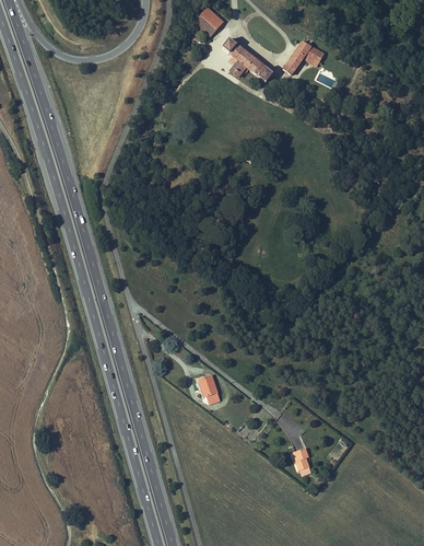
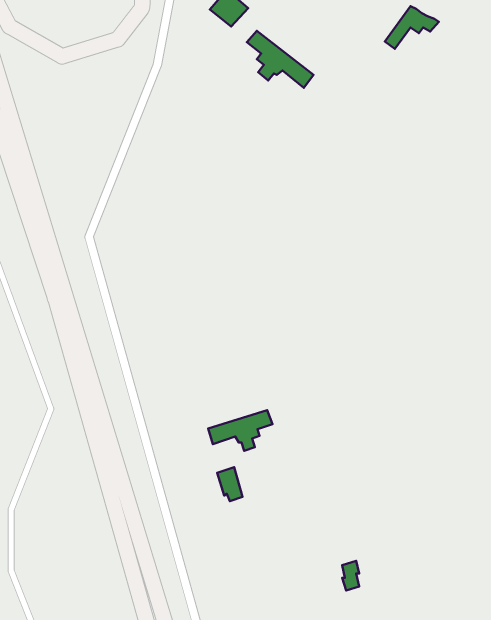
building: [283,42,325,74] -> [385,6,439,49]
building: none -> [208,410,272,451]

